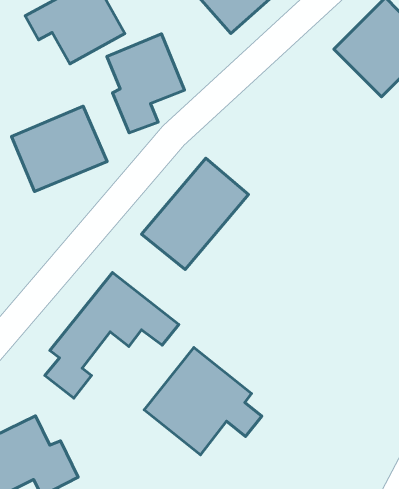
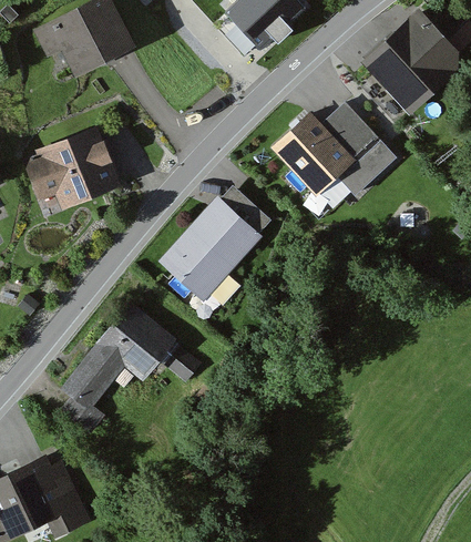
building: [107,34,185,133] -> none
building: none -> [270,103,398,201]
building: [144,347,262,455] -> none

